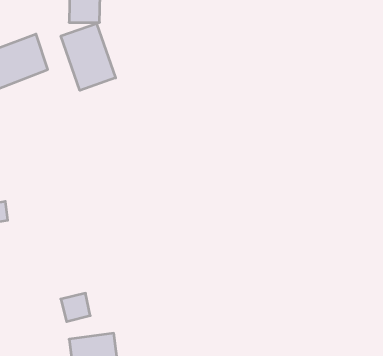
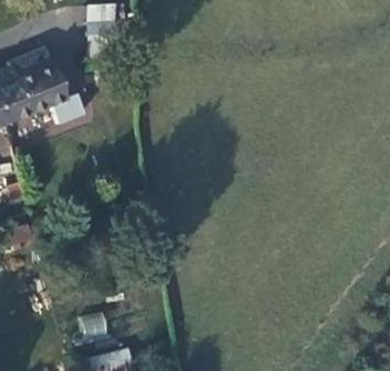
building: [61,23,116,90] -> none

